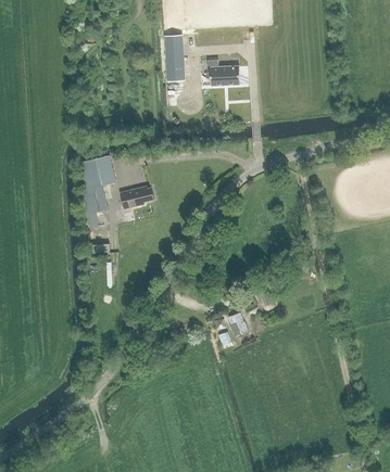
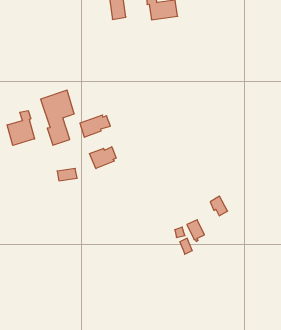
building: none -> [7,111,35,145]
building: none -> [89,147,116,169]

